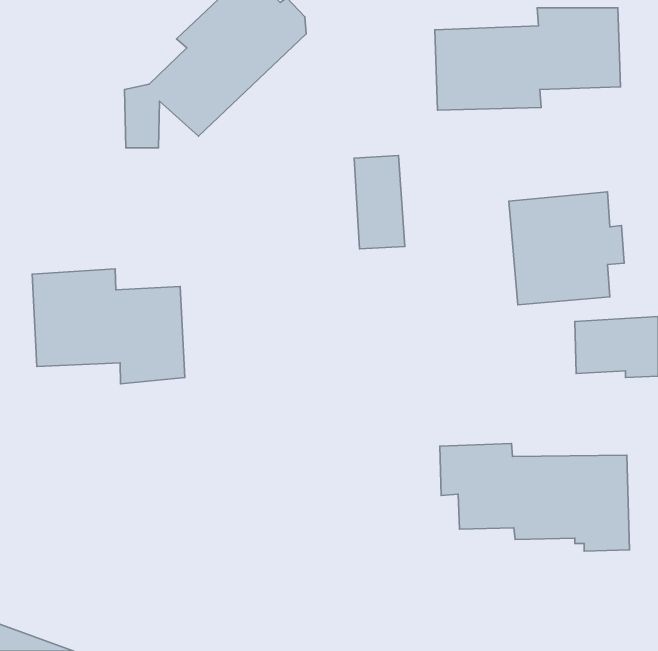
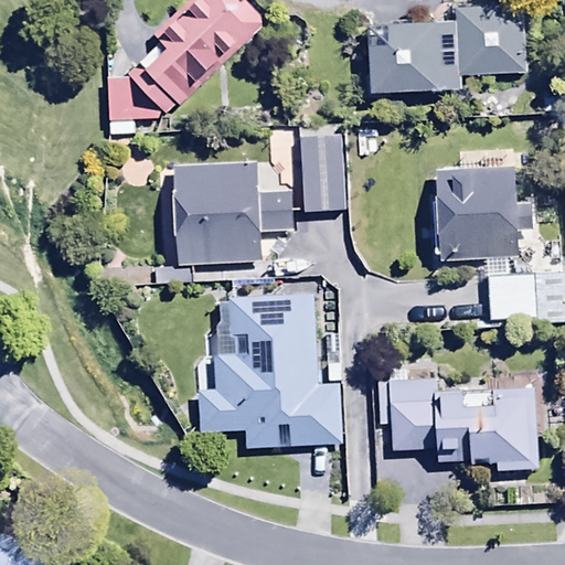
building: none -> [174,163,294,265]
building: [32,269,185,384] -> none
building: none -> [199,292,337,448]

